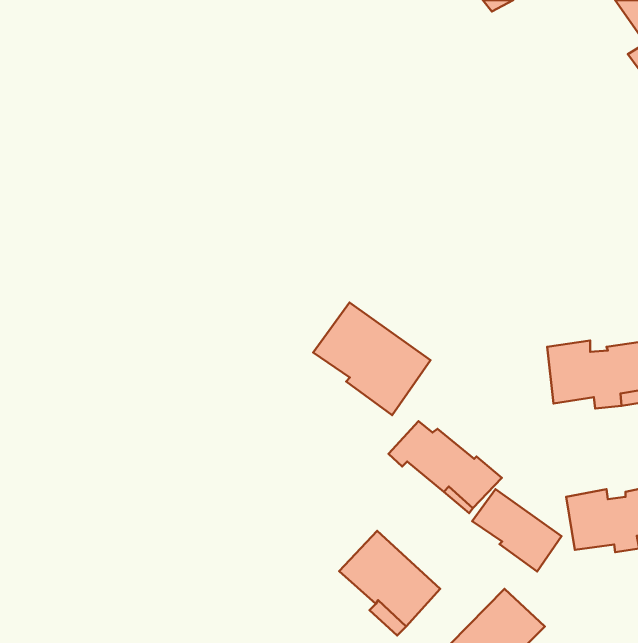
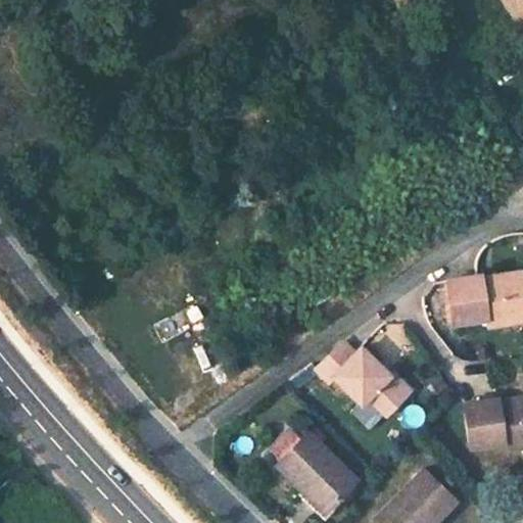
building: [313,302,431,415] -> none
building: [472,489,562,571] -> none

